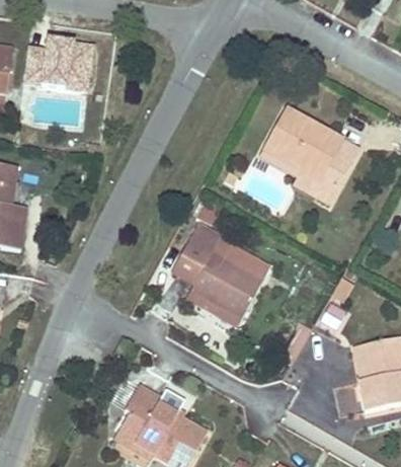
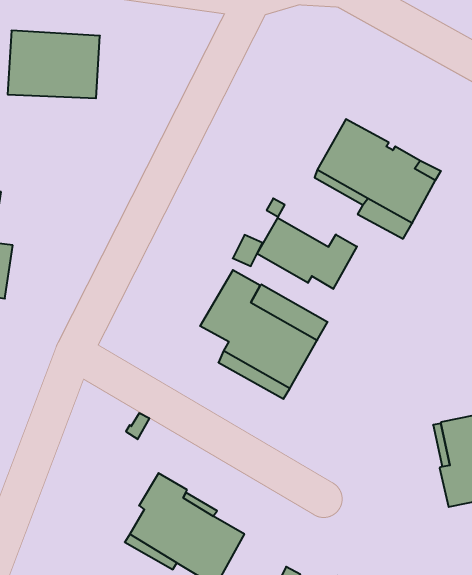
building: none -> [257,218,357,289]

